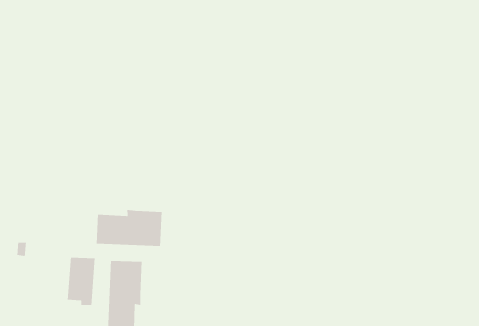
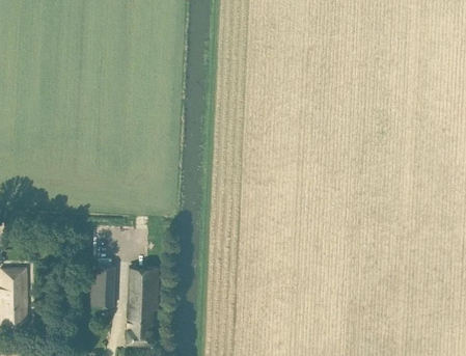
building: [96,209,163,247] -> none

